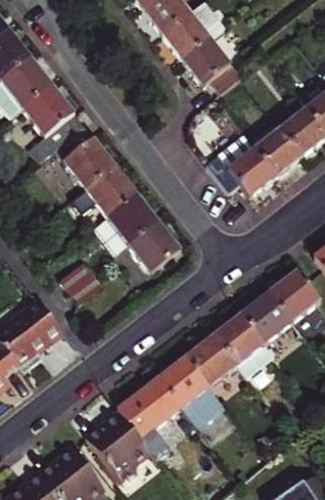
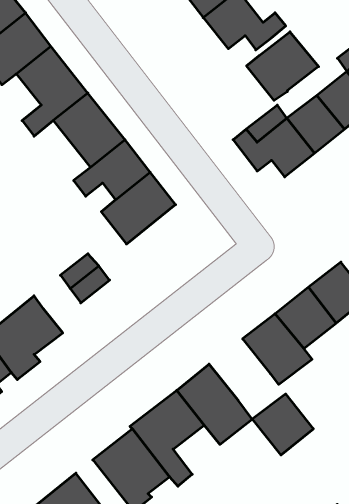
building: none -> [247,32,319,100]
building: [113,219,181,272] -> none
building: [186,333,238,385] -> [252,394,313,455]

